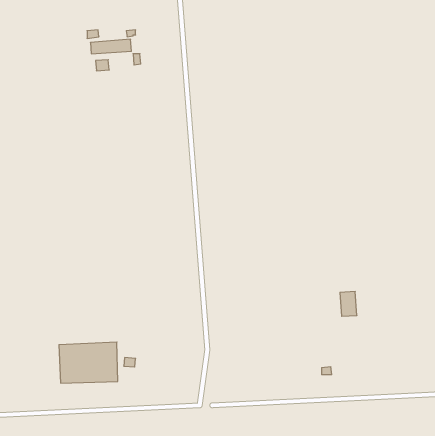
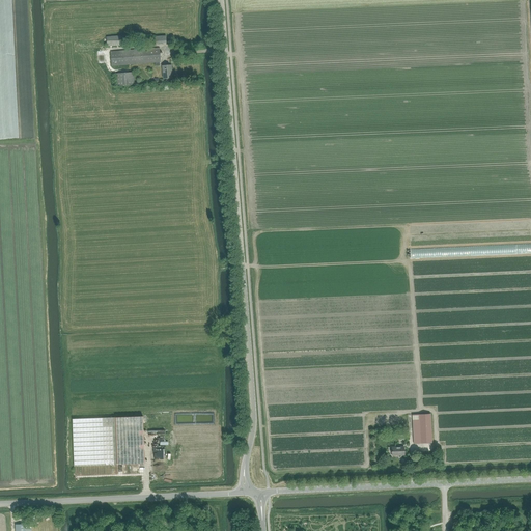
building: [340,292,357,316] -> [411,414,431,444]

